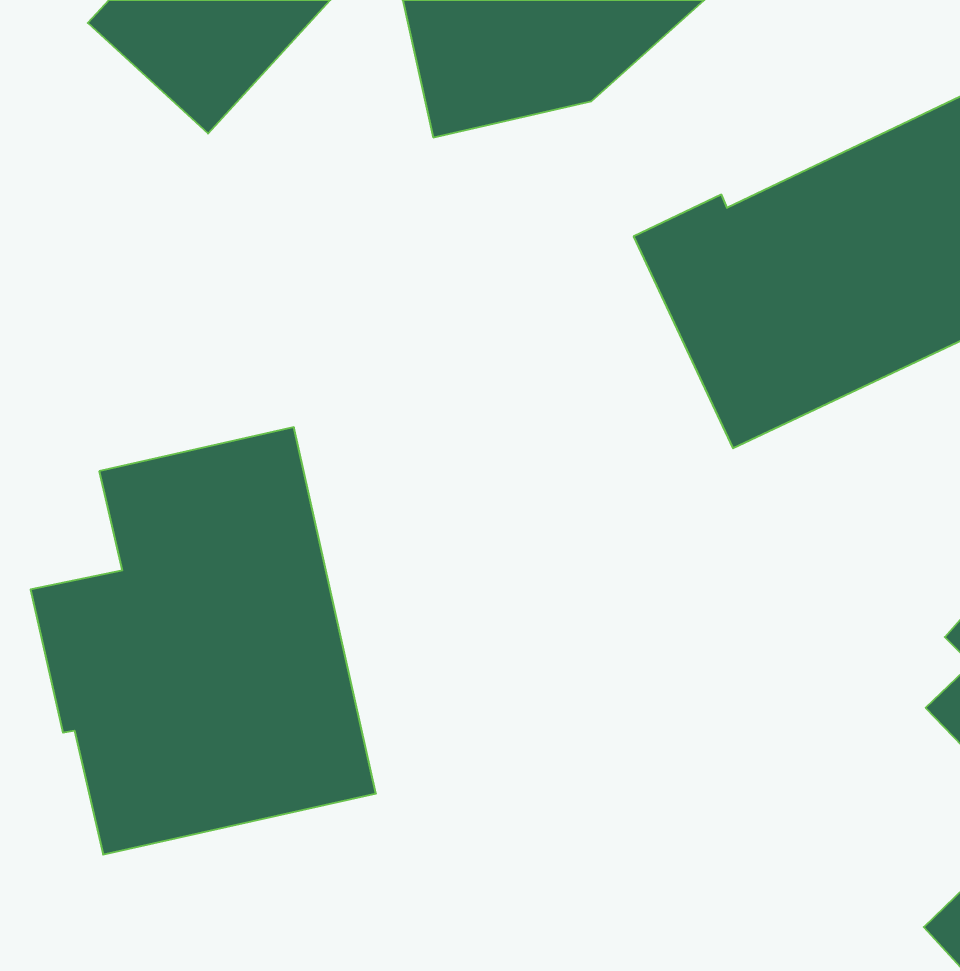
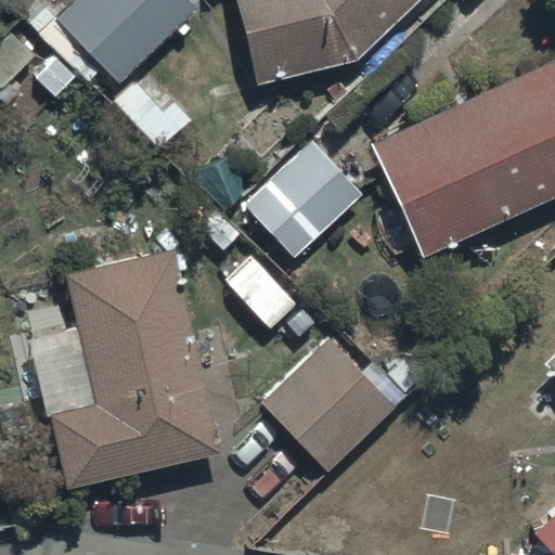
building: none -> [246,143,361,257]
building: none -> [263,337,398,473]

